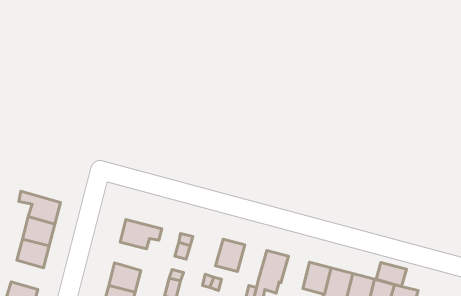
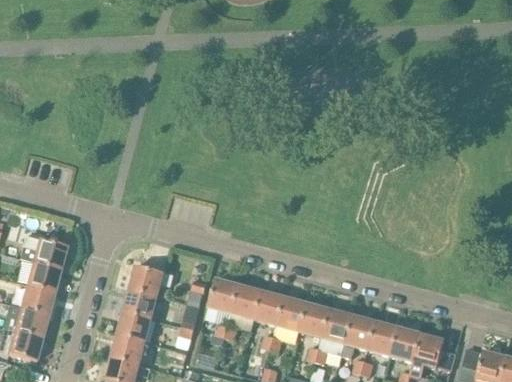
building: none -> [208,278,238,313]
building: none -> [123,288,157,318]
building: none -> [253,291,284,325]
building: none -> [299,303,329,337]
building: none -> [14,307,48,338]
building: [376,263,407,286] -> none

